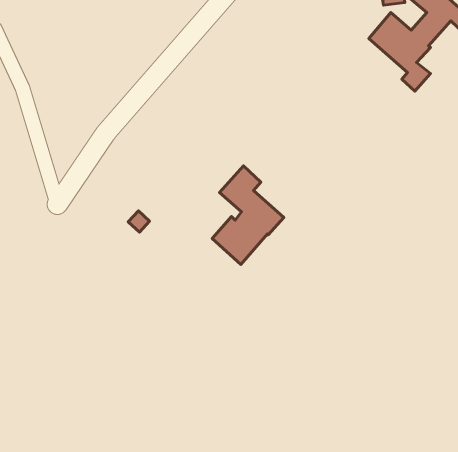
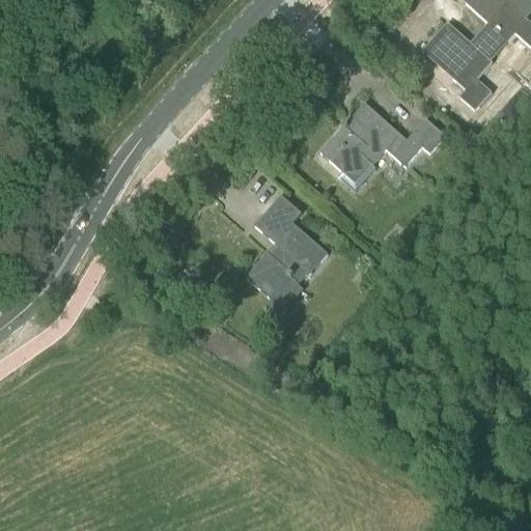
building: none -> [320,102,444,189]

